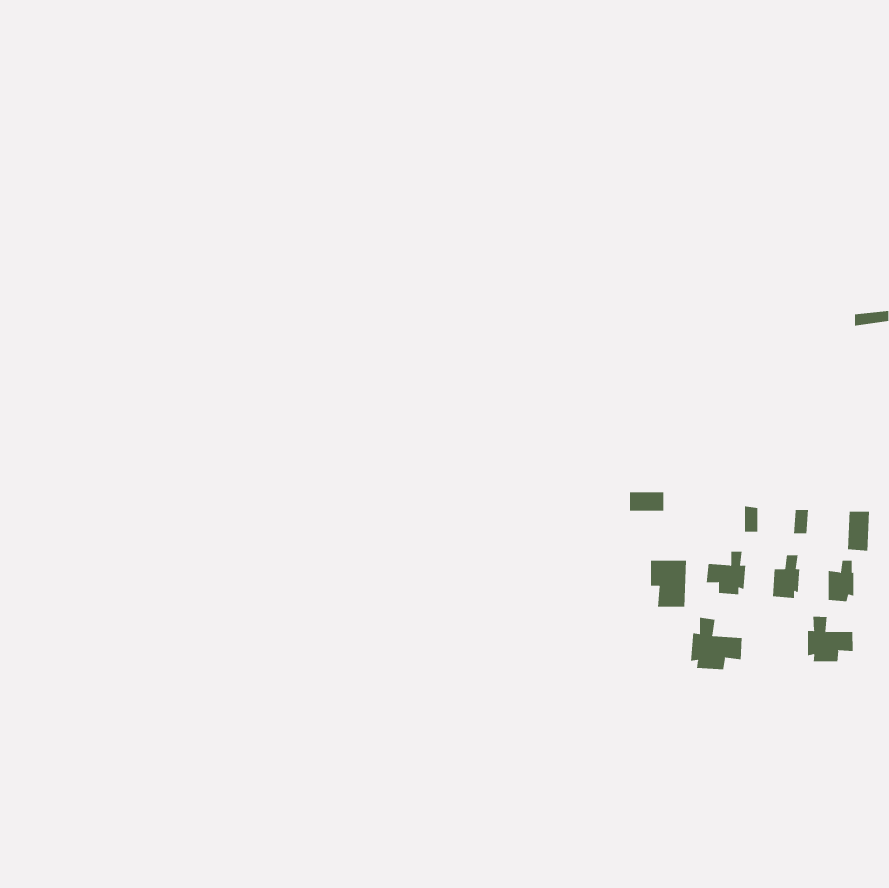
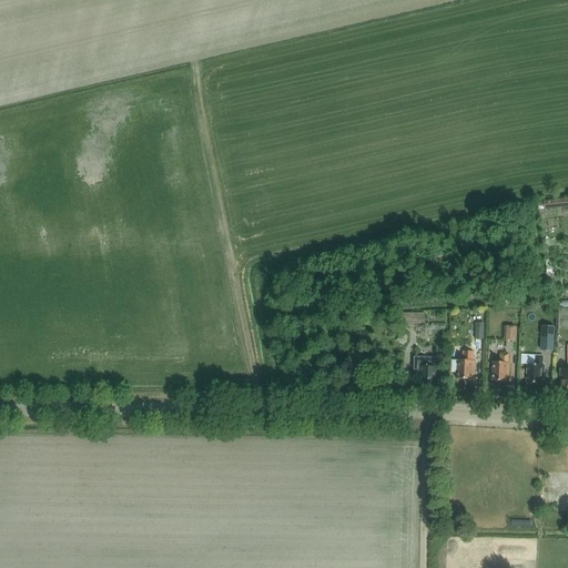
building: [807,616,853,662] -> none
building: [691,617,742,670] -> none

